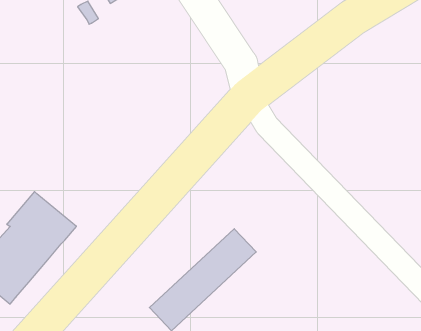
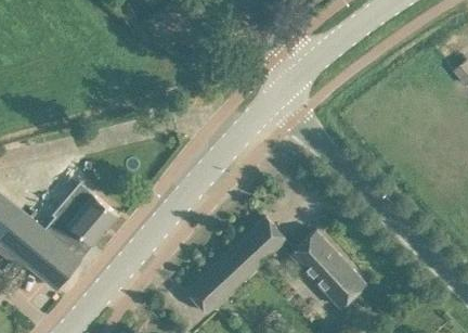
building: none -> [290,230,366,308]

